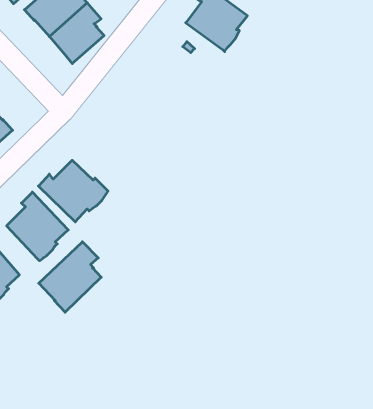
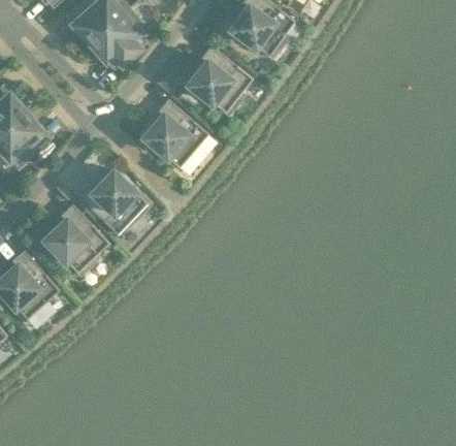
building: none -> [186,44,250,114]
building: none -> [141,98,205,170]
building: [39,242,101,312] -> none

